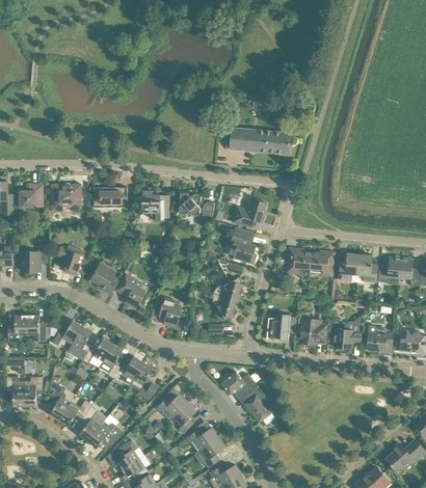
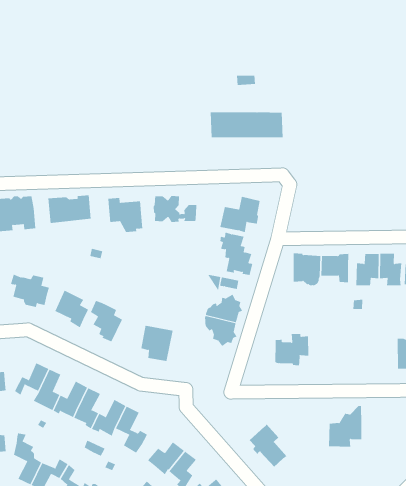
building: [297,314,326,344] -> none
building: [332,316,363,349] -> [328,405,362,447]
building: [221,372,254,398] -> none

